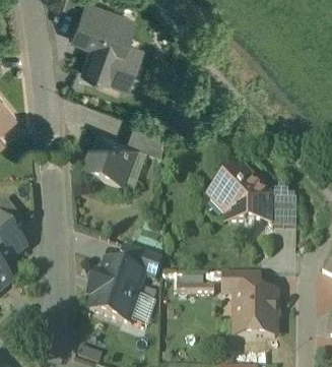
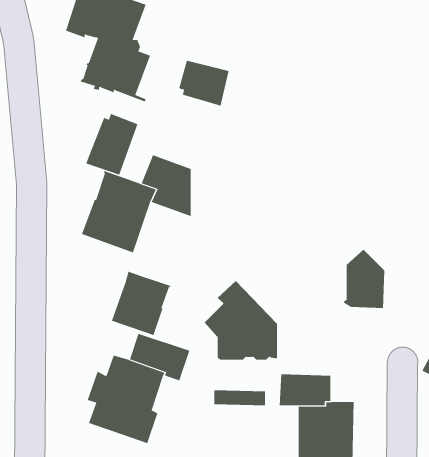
building: none -> [179,60,229,106]
building: none -> [85,113,138,176]
building: [217,167,269,223] -> [204,280,278,360]
building: none -> [111,271,171,336]

